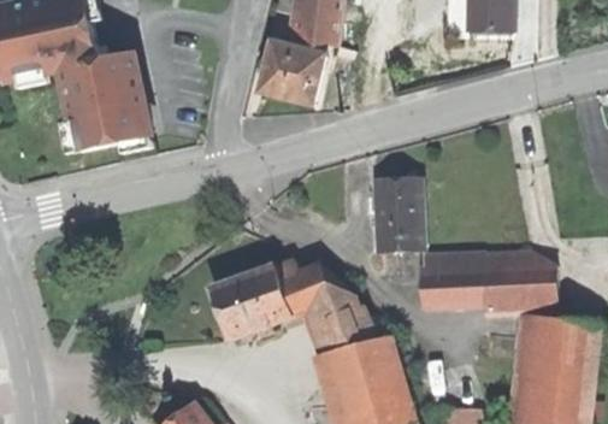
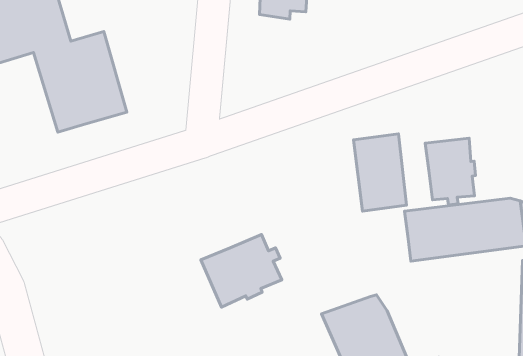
building: [256,42,321,104] -> none
building: none -> [425,138,475,205]
building: [293,265,377,352] -> none

